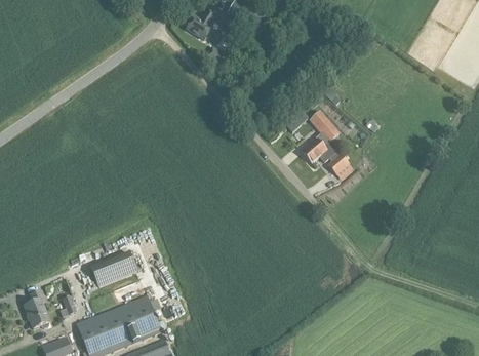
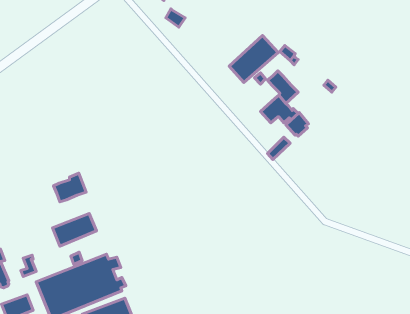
building: none -> [229,36,278,83]
building: none -> [54,173,86,202]

